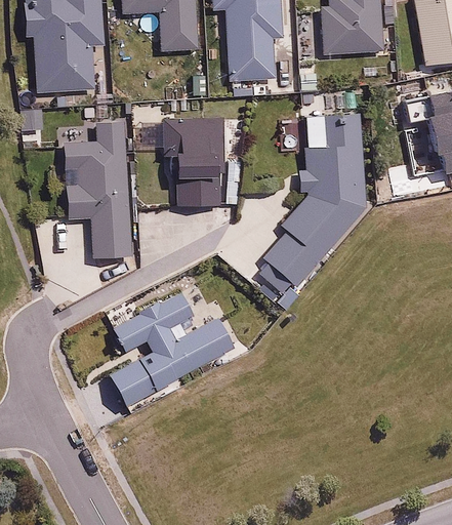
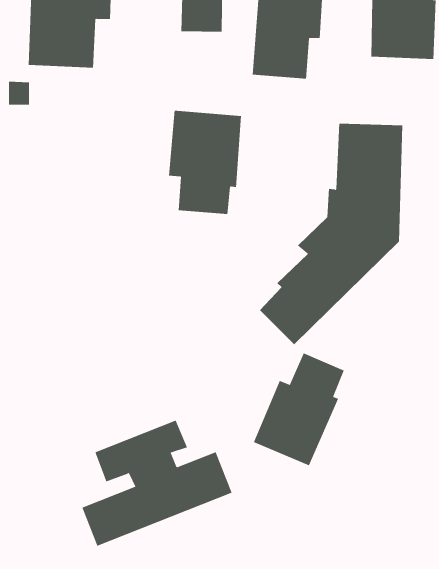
building: [65,120,130,254] -> none
building: [110,291,237,406] -> [82,420,232,546]
building: none -> [253,353,345,466]

